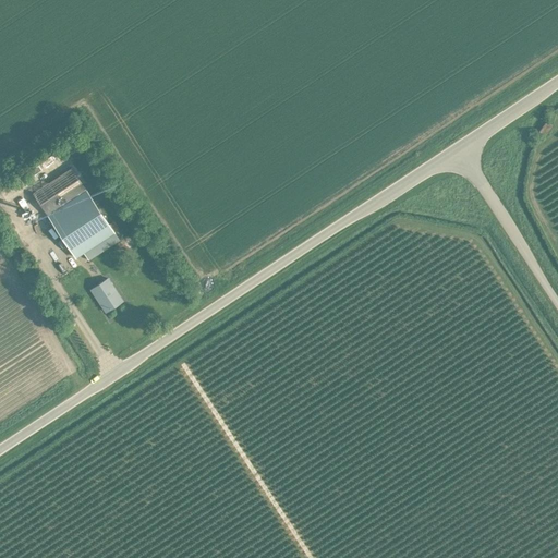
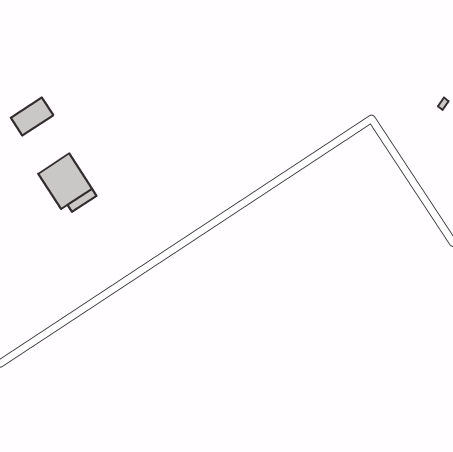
building: [33,167,85,214] -> [11,97,53,136]
building: [90,278,122,312] -> none

